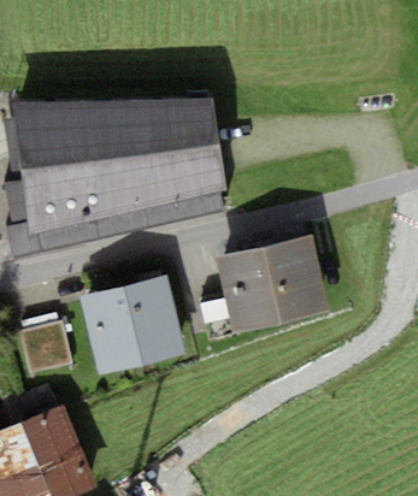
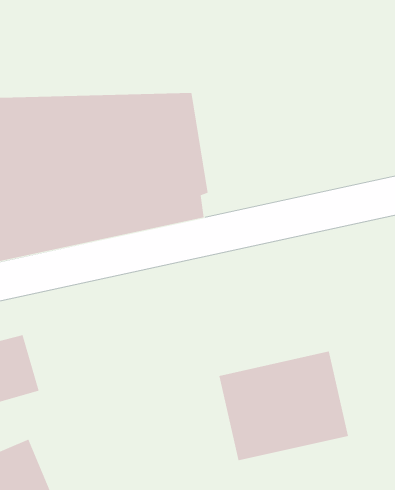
building: [216,234,330,330] -> [218,351,349,461]
building: [76,271,188,376] -> none

